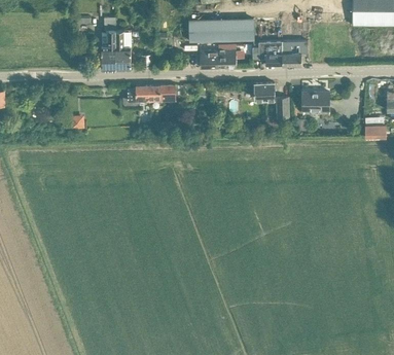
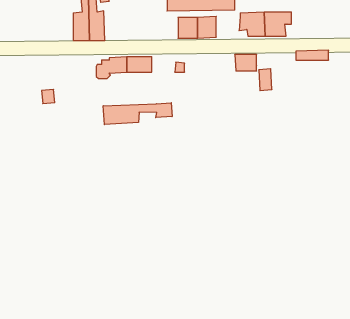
building: [302,92,330,114] -> none
building: none -> [103,103,172,125]

